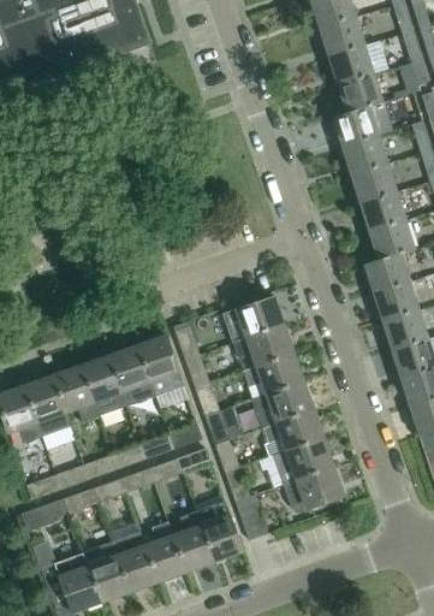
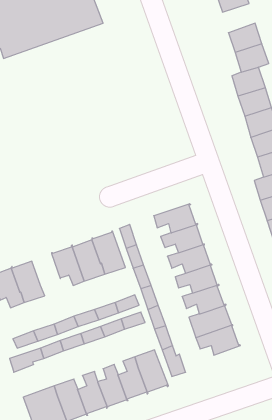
building: [320,16,365,57] -> none
building: [52,366,99,421] -> none

